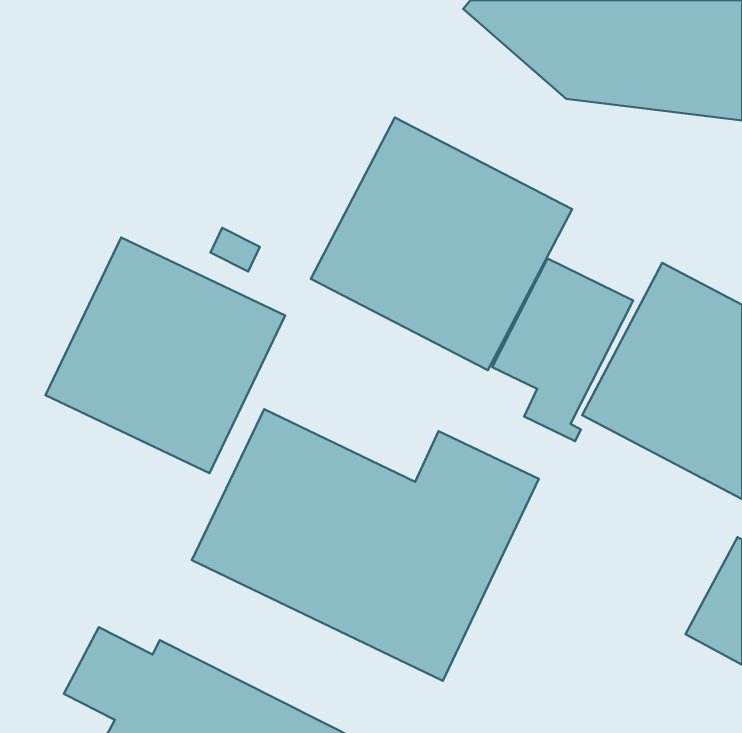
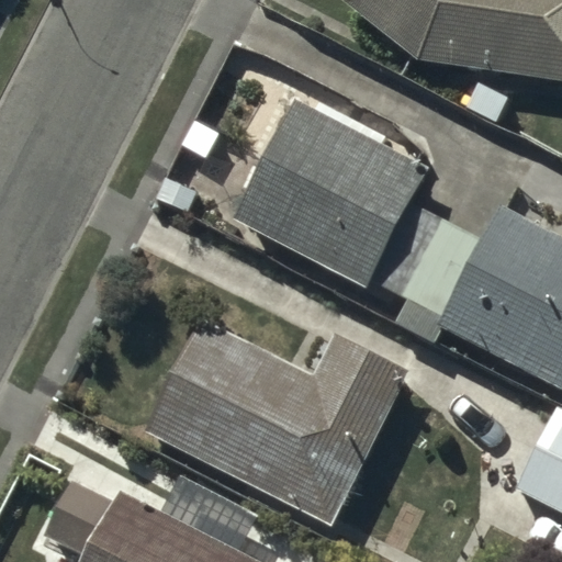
building: [45,238,285,473] -> none

